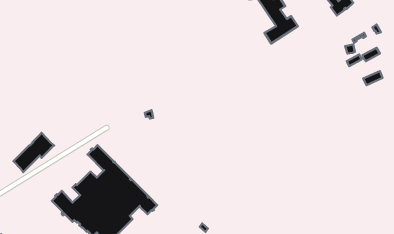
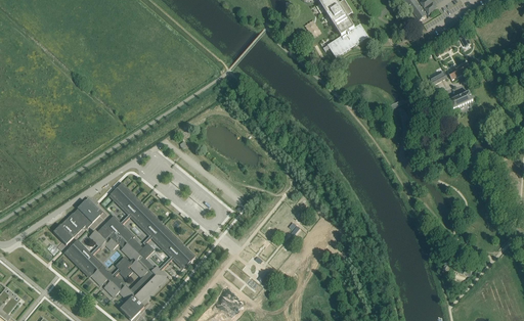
building: [13,133,54,172] -> [52,196,102,244]

